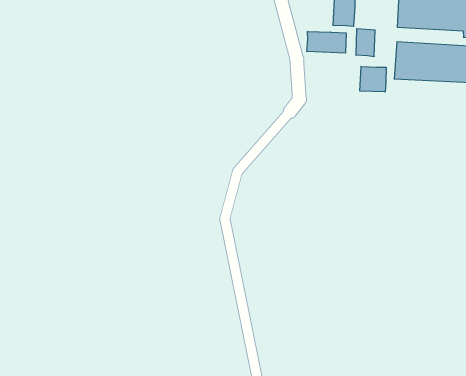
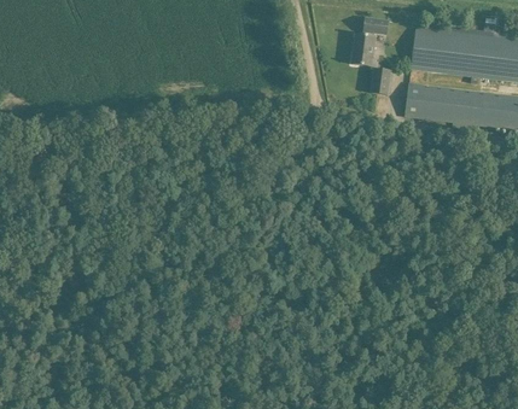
building: [307,31,346,53] -> none
building: [360,66,386,92] -> none

